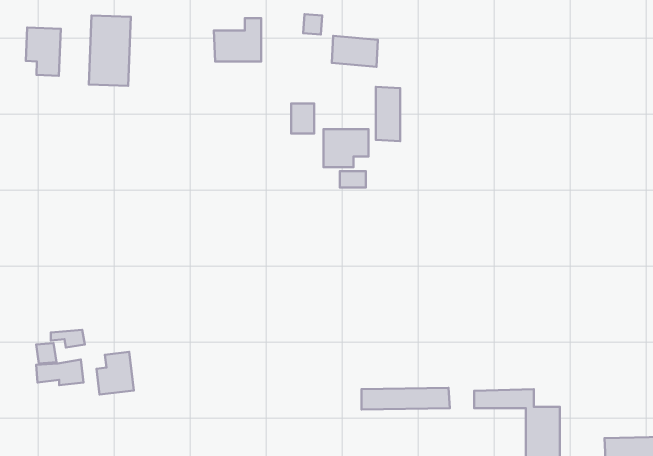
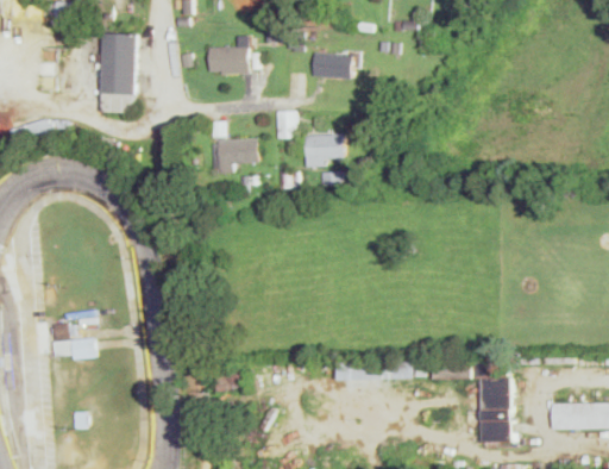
building: [26,27,61,76] -> none
building: [376,87,400,141] -> none
building: none -> [212,138,258,170]
building: [97,352,134,395] -> none

